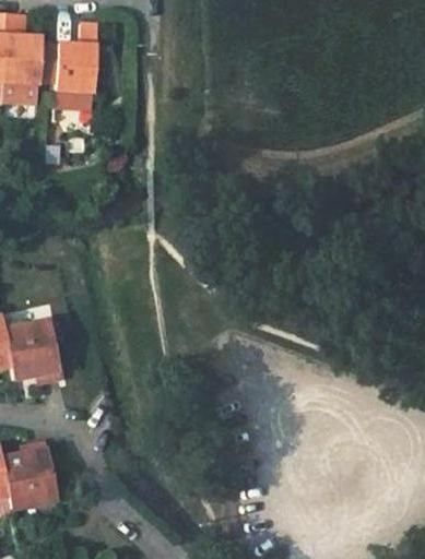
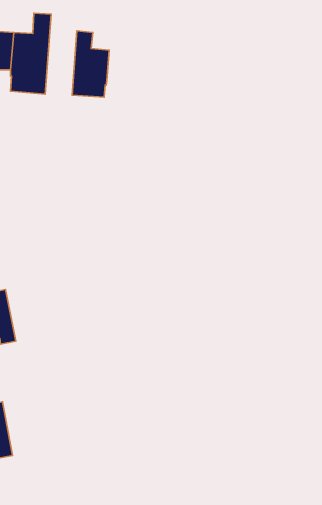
building: none -> [72,31,109,97]

